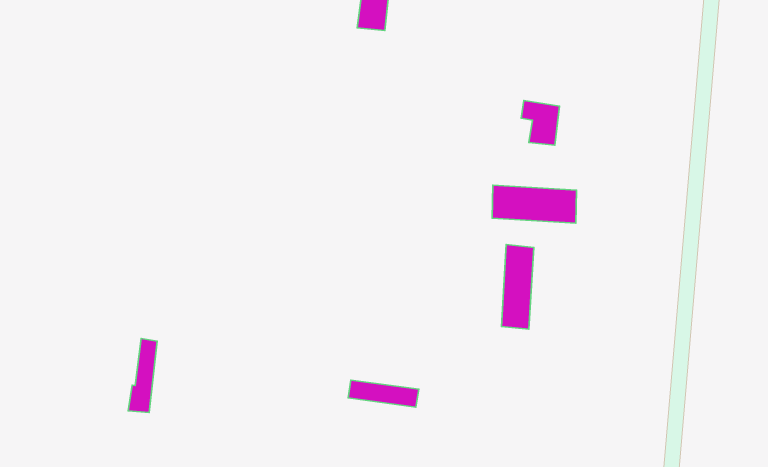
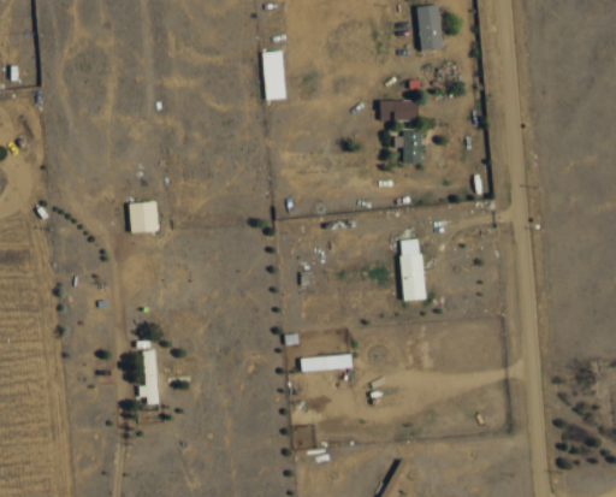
building: none -> [379,100,417,122]
building: none -> [130,202,158,232]
building: [492,185,577,223] -> none

